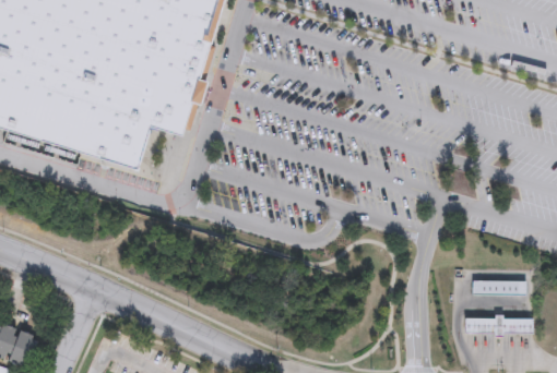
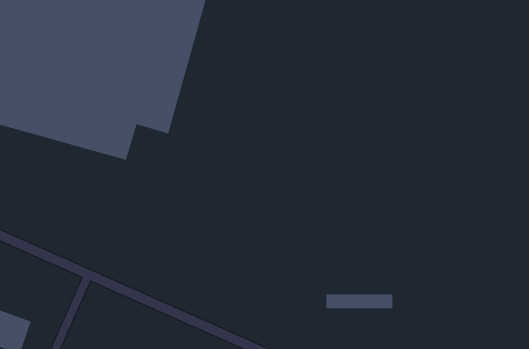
building: [475,280,530,296] -> none
building: [466,318,536,335] -> [326,293,393,309]

